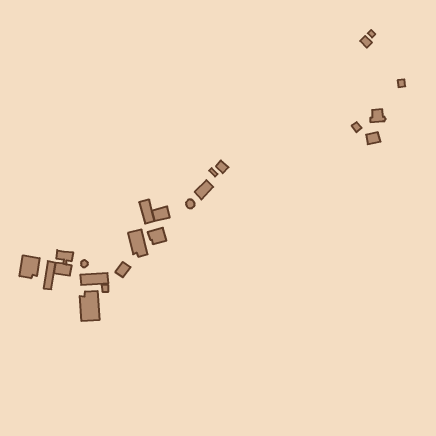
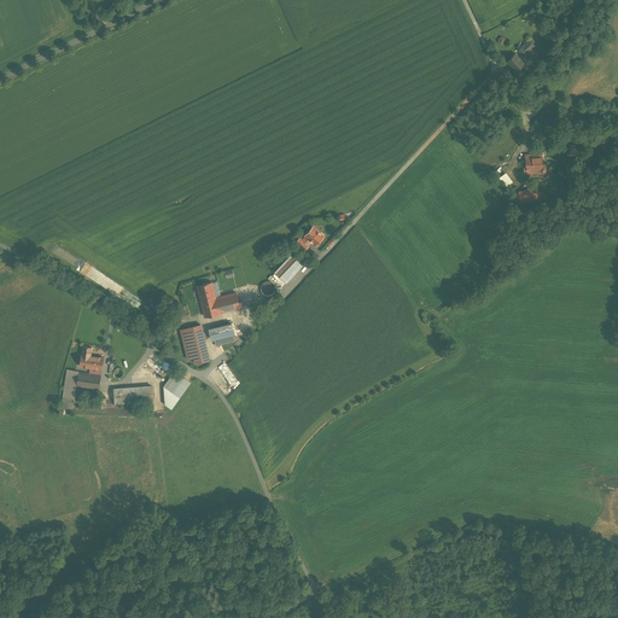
building: [20,255,40,278] -> none
building: [80,291,99,321] -> none

